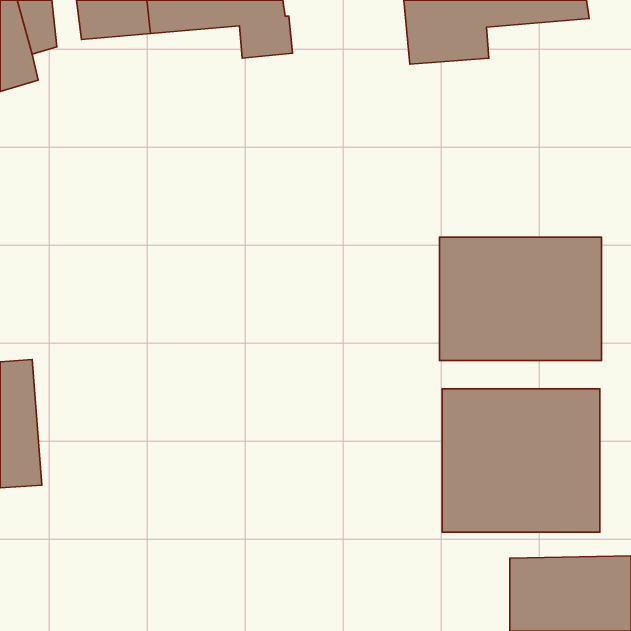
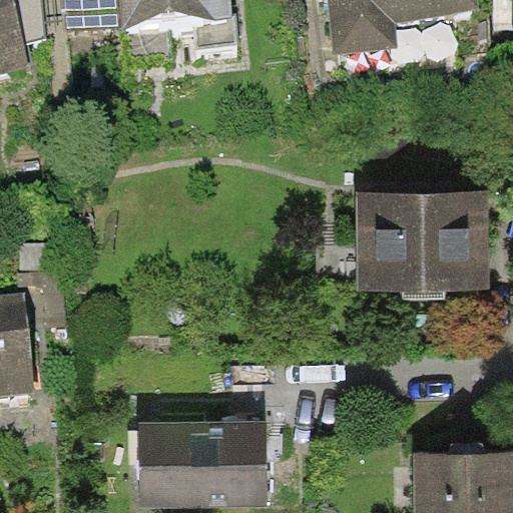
building: [442,389,600,532] -> none
building: none -> [140,421,268,507]

